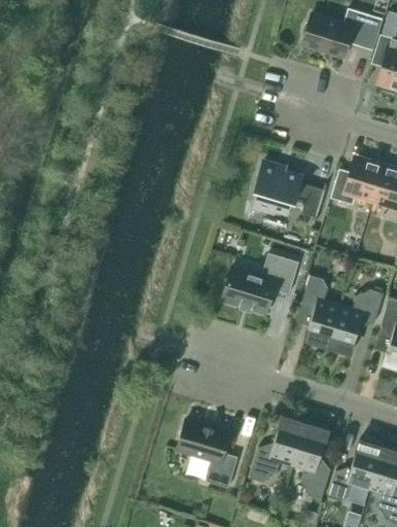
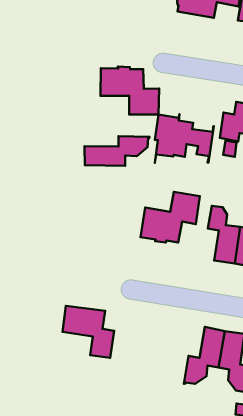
building: none -> [101,67,159,115]
building: none -> [84,136,150,166]
building: [177,420,238,488] -> [62,306,114,358]

